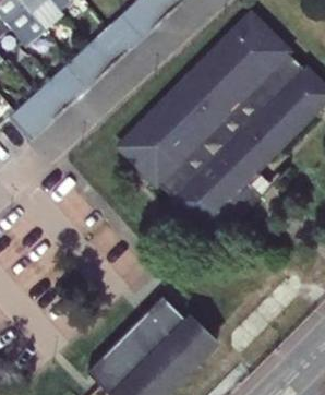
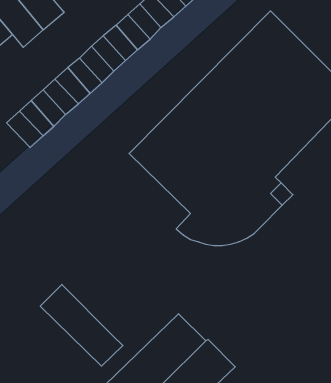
building: none -> [40,284,123,366]

